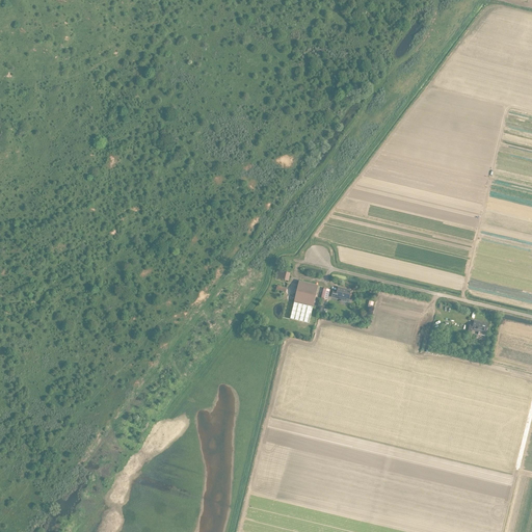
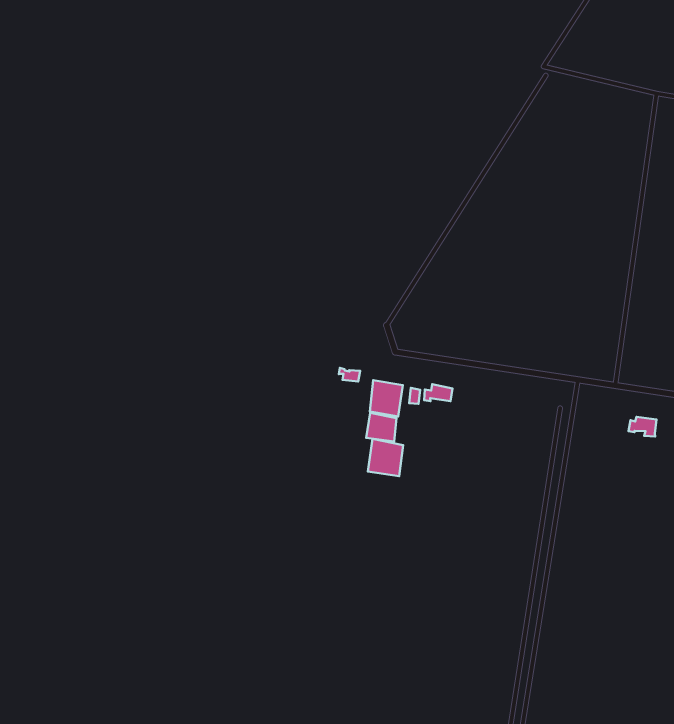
building: none -> [368,439,403,476]

